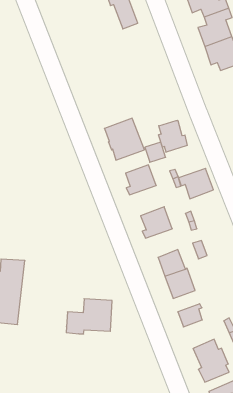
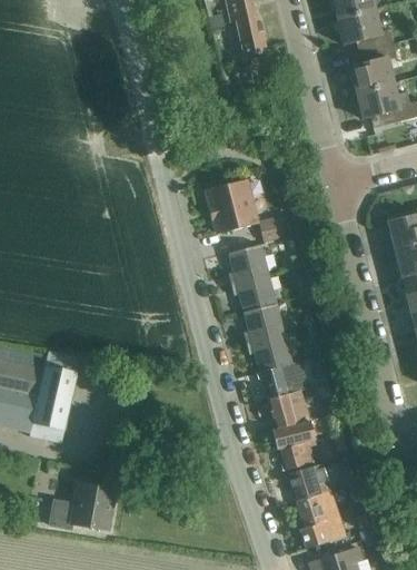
building: [159,120,187,152] -> none
building: [179,168,213,199] -> [231,274,277,313]
building: none -> [247,335,292,372]
building: none -> [272,422,311,450]
building: [66,299,112,334] -> [49,482,116,530]
building: none -> [289,463,330,500]

